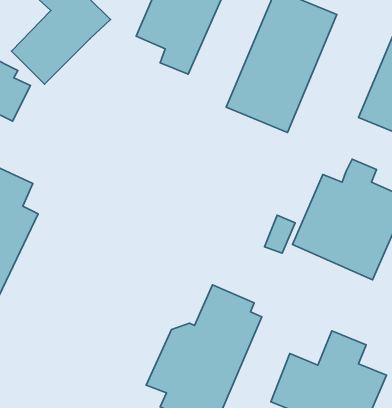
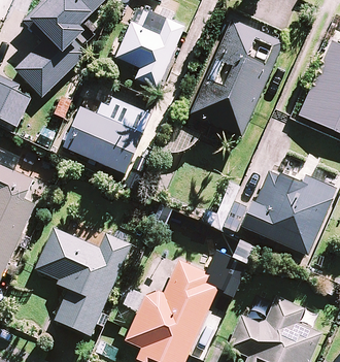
building: none -> [63,96,152,173]
building: none -> [33,226,132,335]

